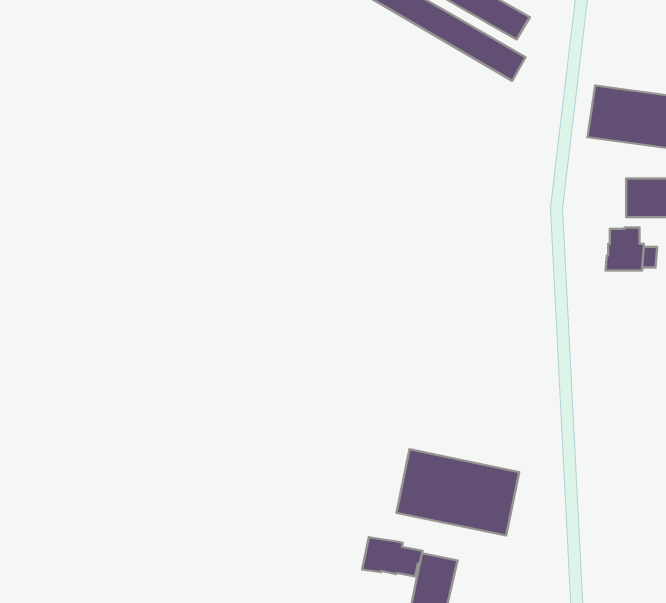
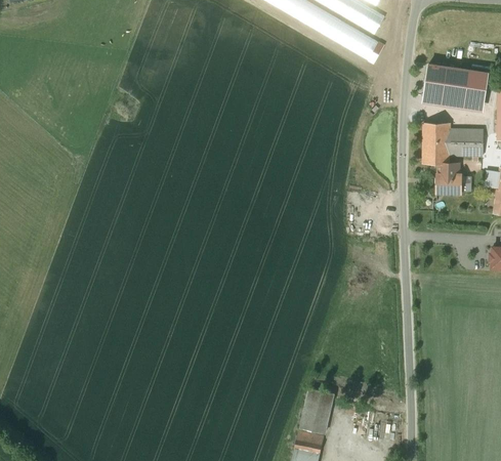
building: none -> [422,123,450,164]
building: [397,449,519,536] -> none
building: [362,537,422,577] -> none

